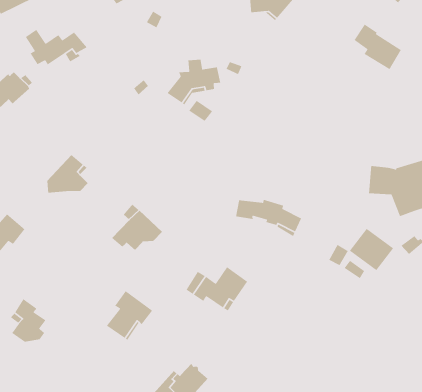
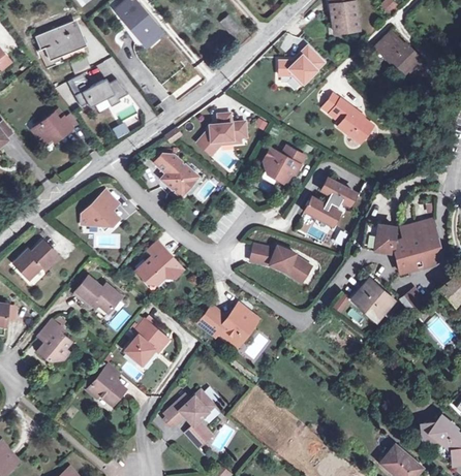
building: [353,23,402,70] -> [330,98,373,142]
building: none -> [264,147,304,184]
building: none -> [155,155,197,196]
building: none -> [305,179,356,226]
building: none -> [71,276,120,313]
building: none -> [87,364,125,405]

